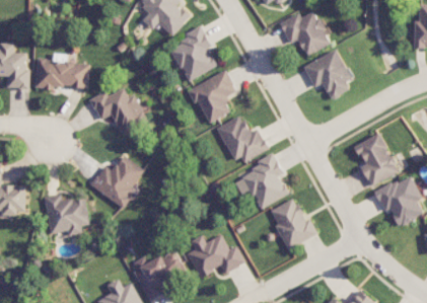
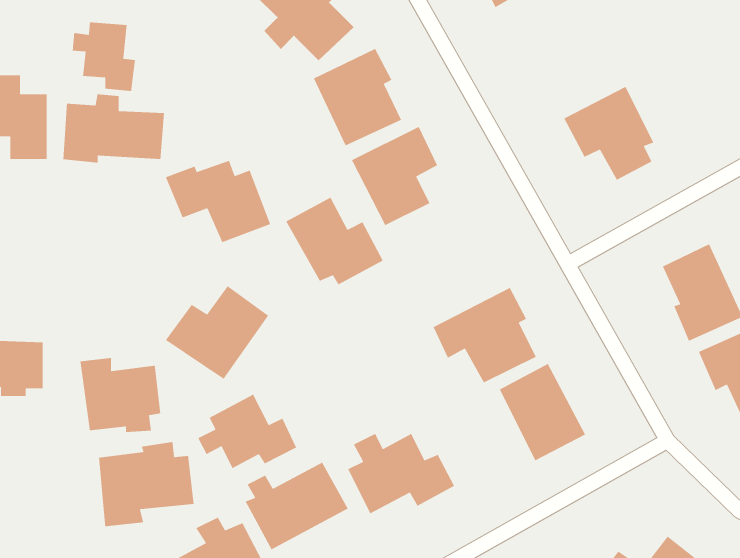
building: [279,10,330,56] -> none
building: none -> [72,21,136,92]
building: [215,115,268,162] -> [285,196,384,286]
building: none -> [197,393,297,469]
building: none -> [98,441,195,527]

